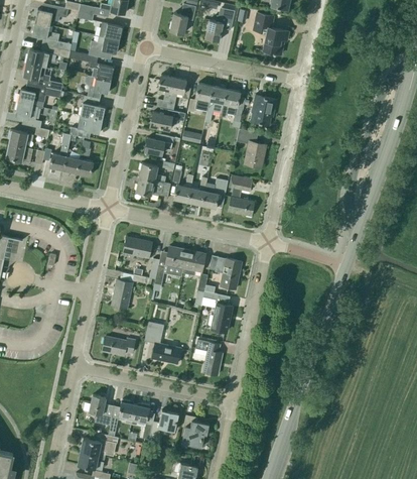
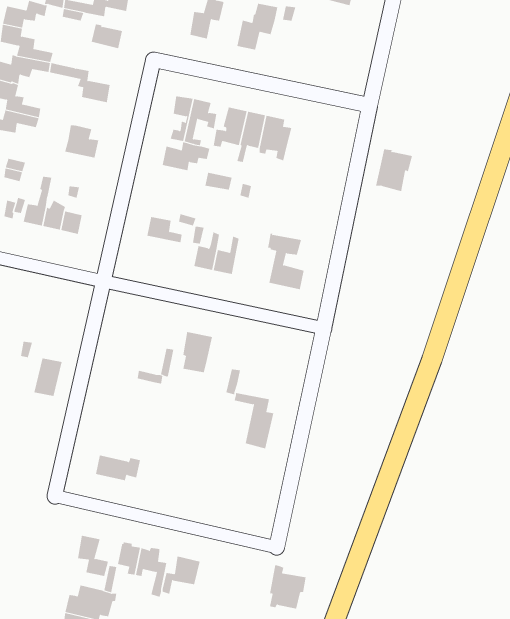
building: [253,12,289,54] -> none
building: [88,35,119,58] -> none
building: [85,76,111,99] -> none
building: [249,94,276,125] -> [375,149,413,192]
building: [68,115,102,138] -> none
building: [236,128,266,167] -> none
building: [144,134,179,154] -> none
building: [136,176,170,196] -> none
building: [201,178,228,208] -> none
building: [123,237,151,257] -> none
building: [183,250,205,275] -> none
building: [208,255,241,288] -> none
building: [111,279,132,308] -> [33,358,62,397]
building: [144,321,180,363] -> none
building: [194,340,222,375] -> none
building: [181,414,208,447] -> [269,565,306,609]

